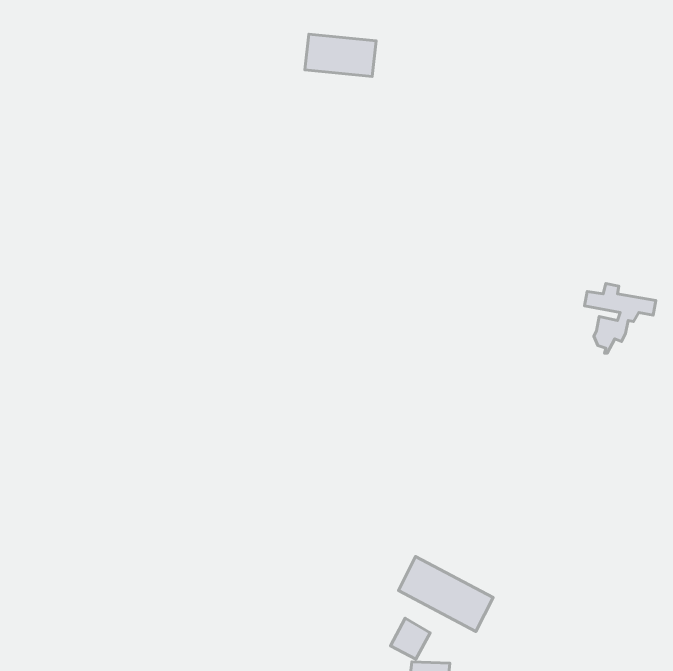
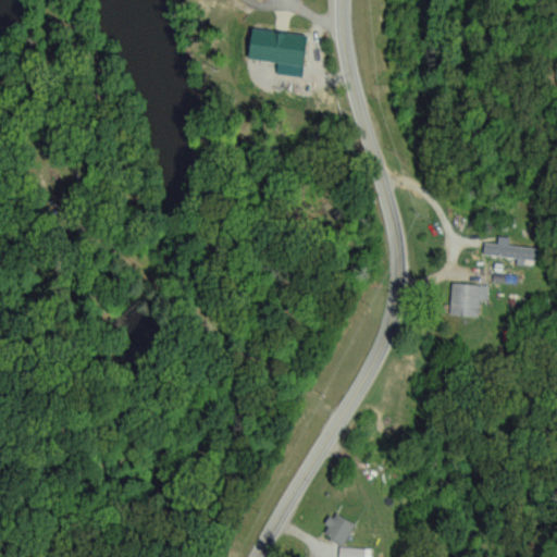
building: none -> [449,284,486,317]
building: [398,557,493,631] -> none

